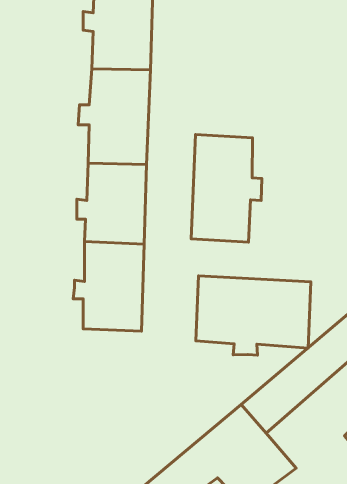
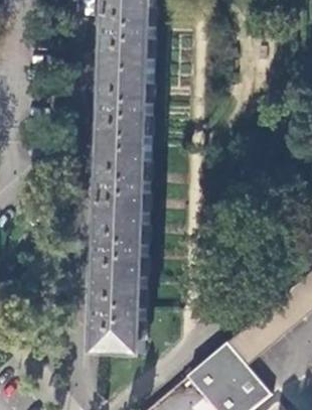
building: [191,134,262,242] -> none
building: [196,276,311,355] -> none
building: none -> [86,281,143,355]

